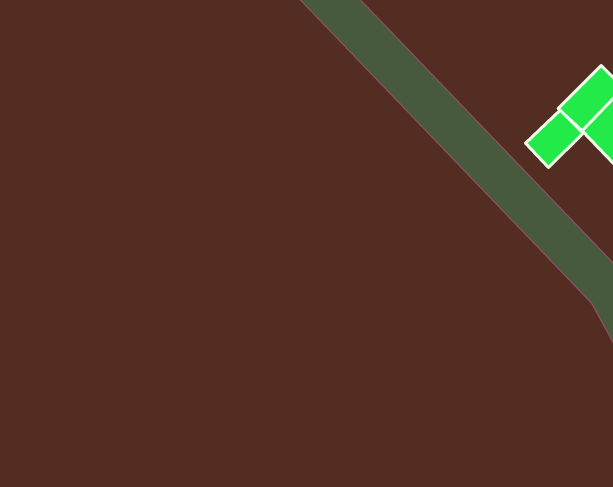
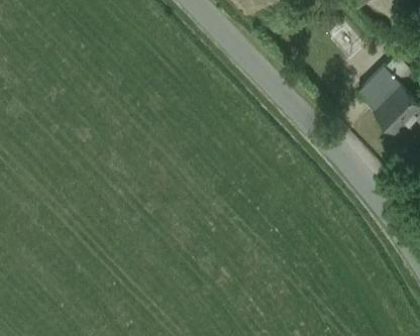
building: [525,110,583,168] -> none

